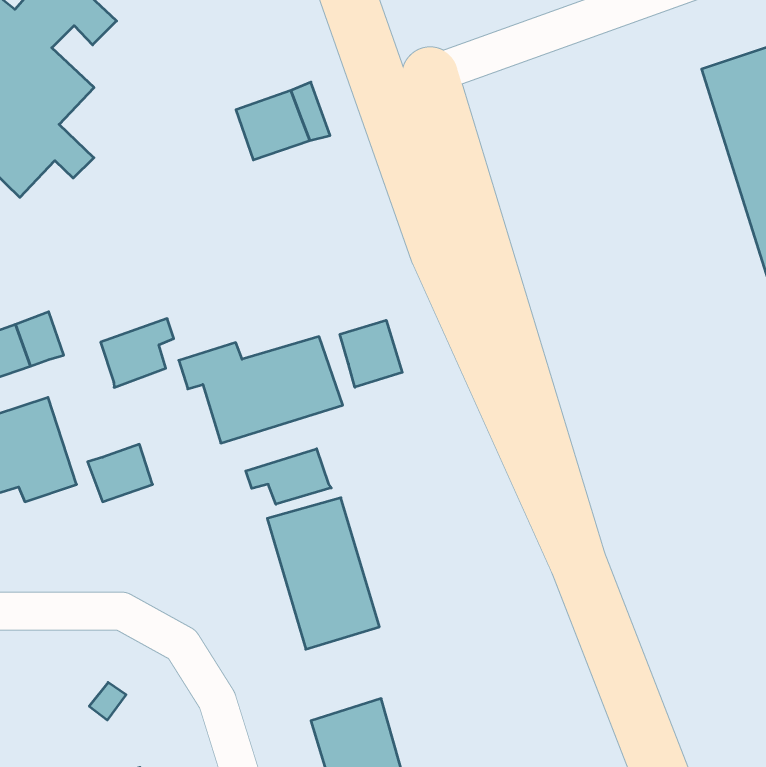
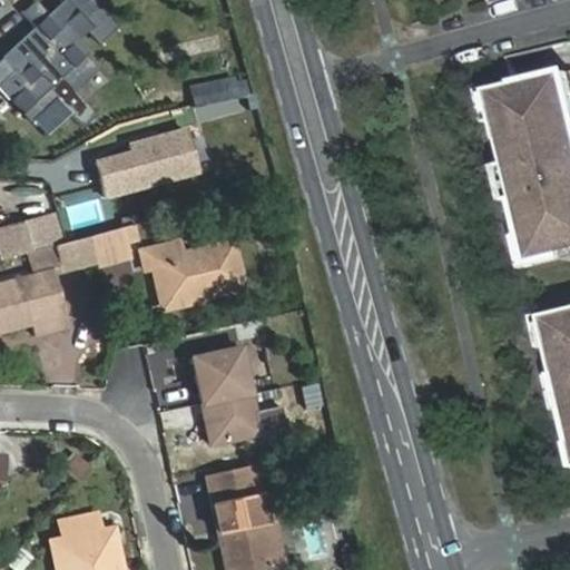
building: none -> [95,129,196,196]
building: [340,320,402,387] -> none
building: [88,444,153,502] -> [56,235,97,271]
building: [246,449,331,504] -> none

